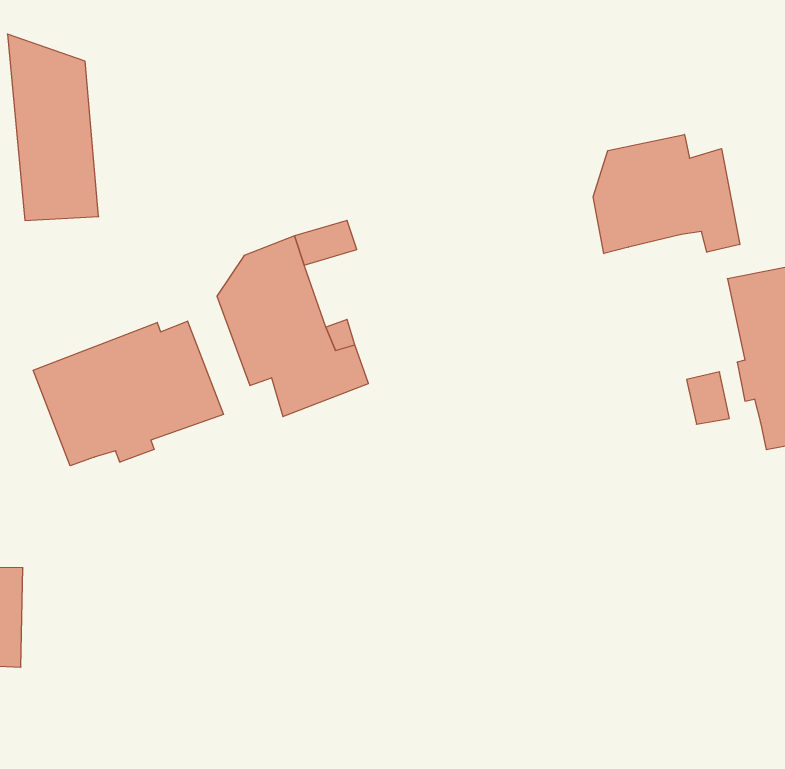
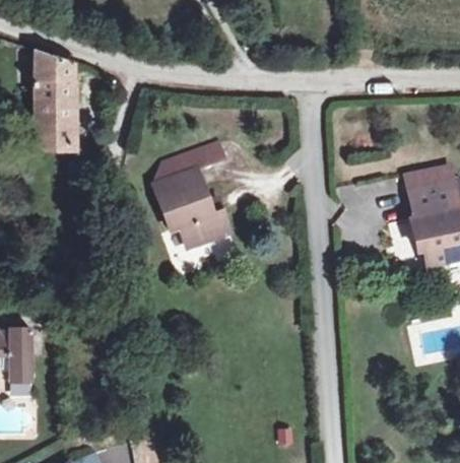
building: [593,134,740,254] -> none
building: [33,321,223,466] -> none

